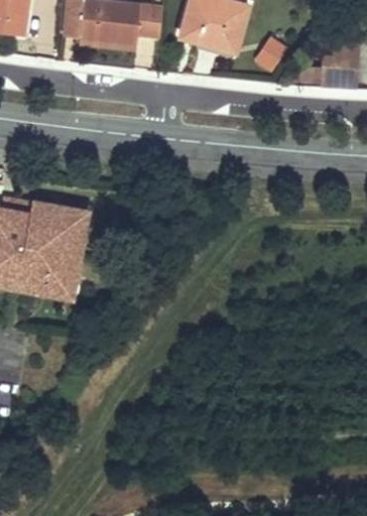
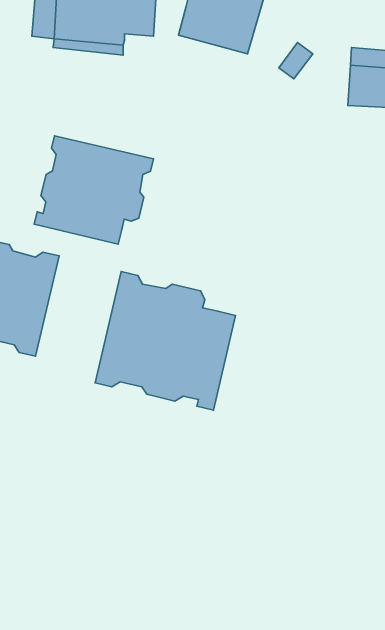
building: none -> [34,136,153,244]
building: none -> [95,272,236,410]

